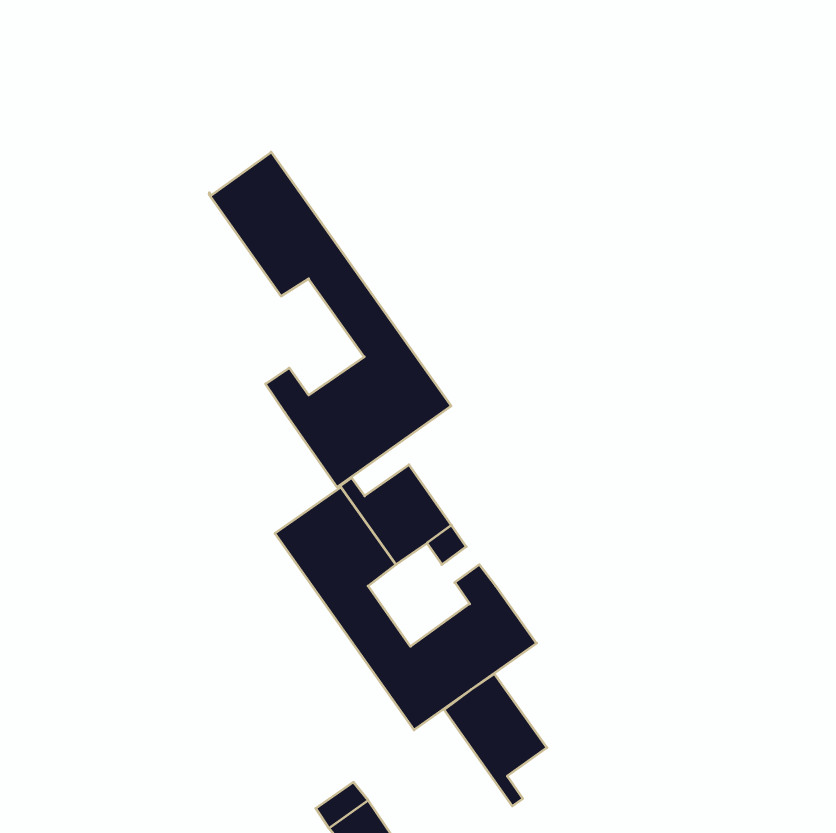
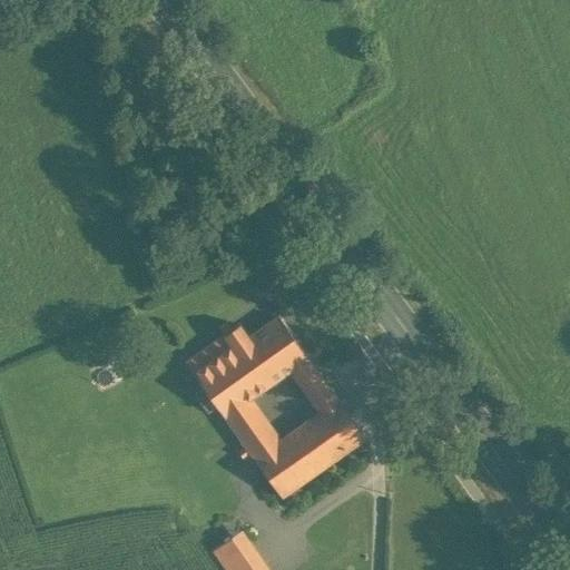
building: [209,152,451,487] -> none
building: [444,674,547,806] -> none

